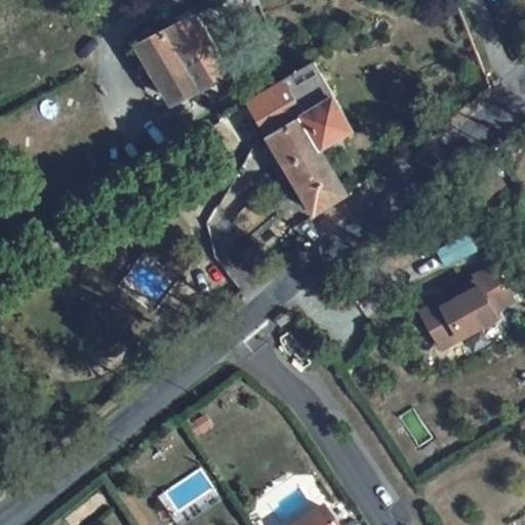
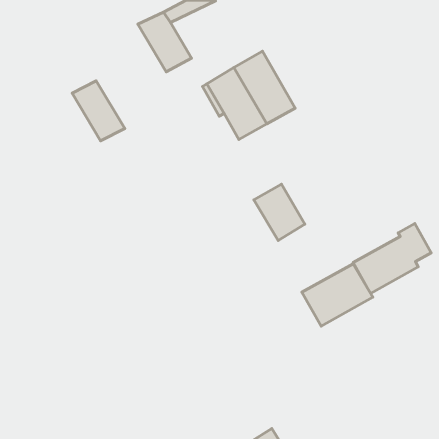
building: [134,33,197,104] -> [72,81,125,141]
building: [283,151,344,217] -> [254,184,305,241]
building: none -> [302,264,373,326]

